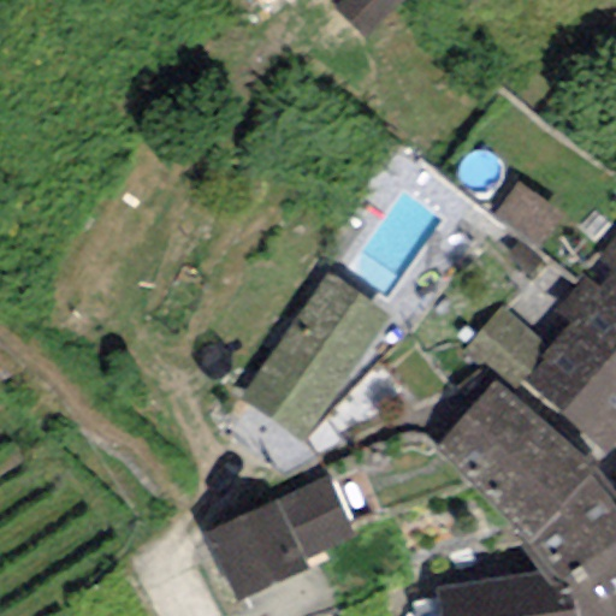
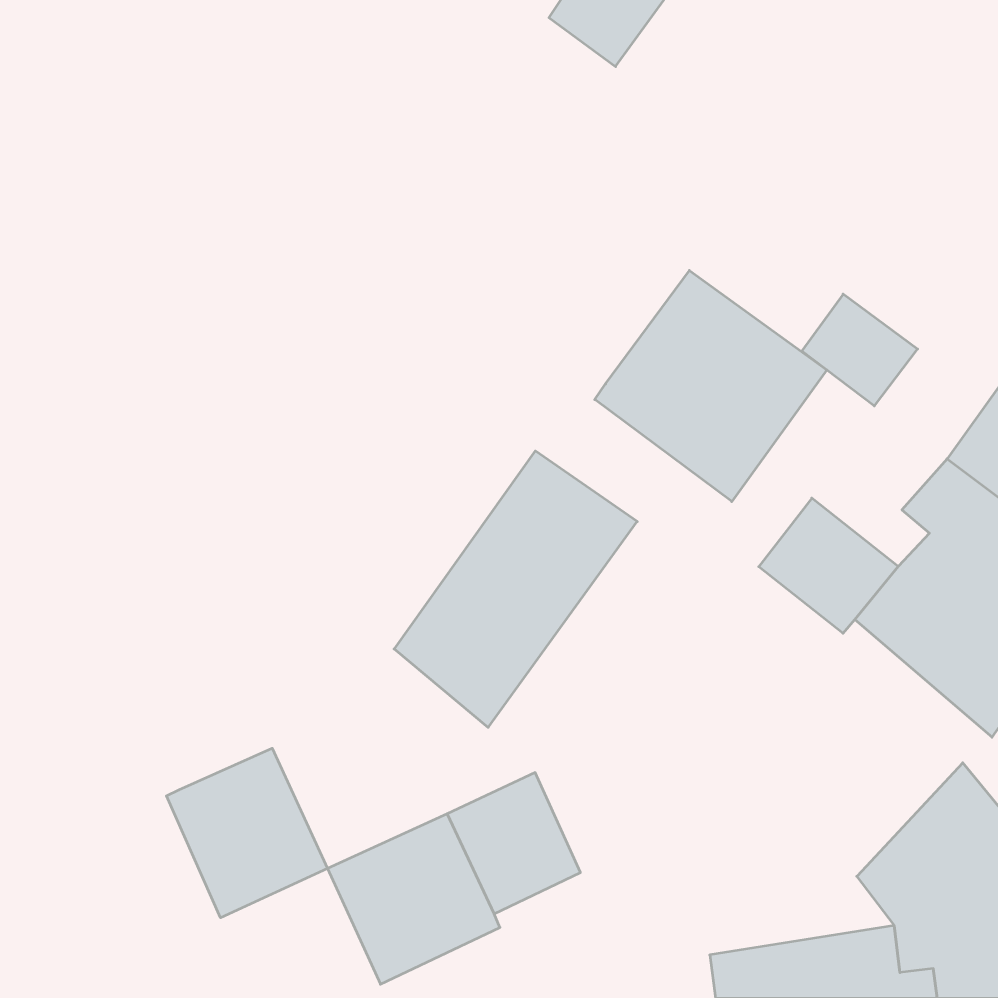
building: none -> [595,270,827,502]
building: [432,379,593,538] -> none
building: none -> [166,748,327,918]

